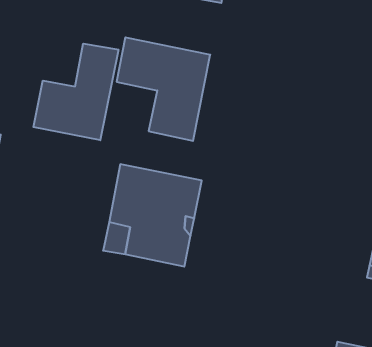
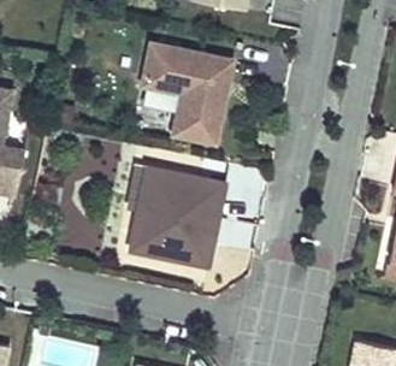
building: [33,44,118,140] -> none

